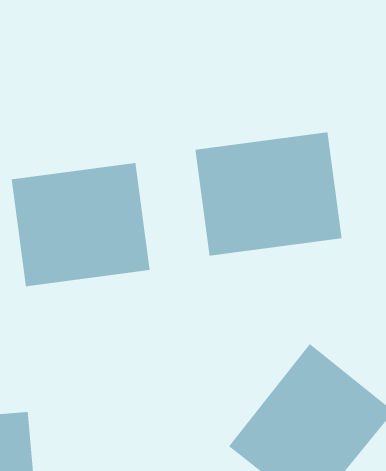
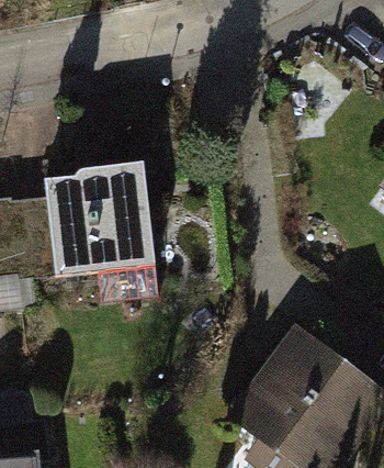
building: [195,131,342,257] -> none

